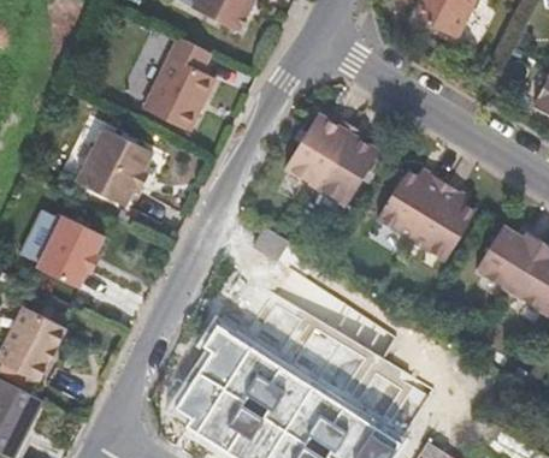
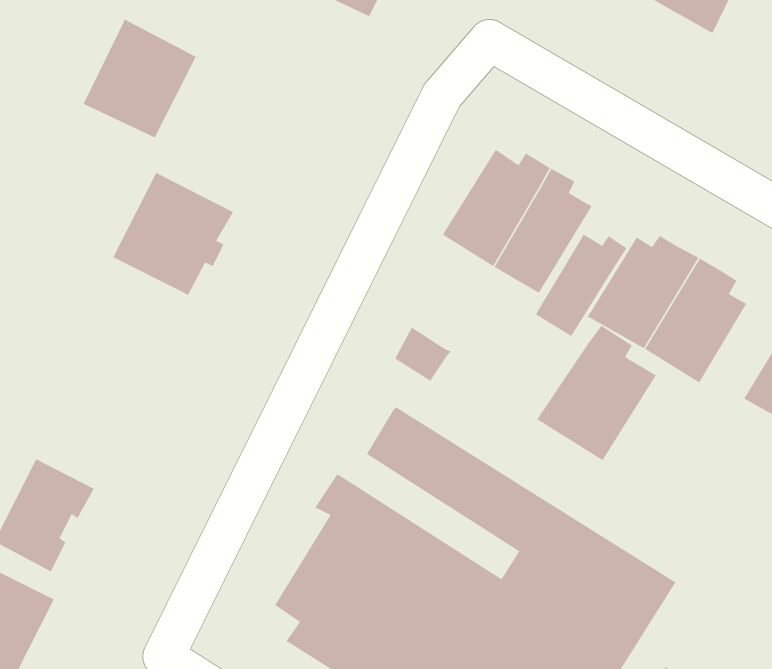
building: [142,55,214,131] -> [83,18,197,139]
building: none -> [535,233,628,337]
building: [35,218,102,289] -> none
building: none -> [536,325,657,461]

